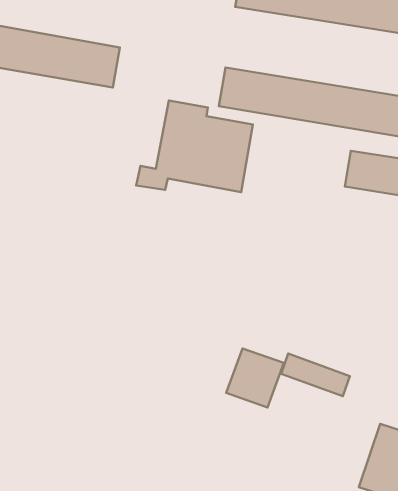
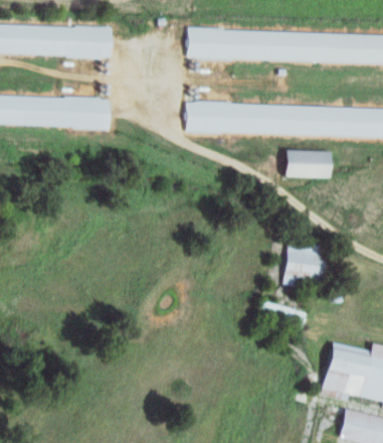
building: [136,101,253,192] -> none
building: none -> [283,242,326,286]
building: [226,348,284,407] -> none

